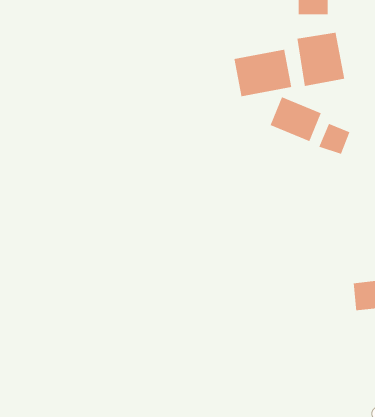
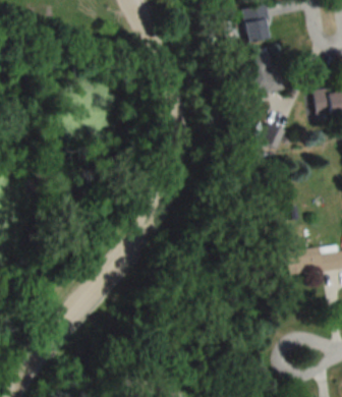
building: [234,49,292,97] -> none
building: [269,96,322,142] -> none

